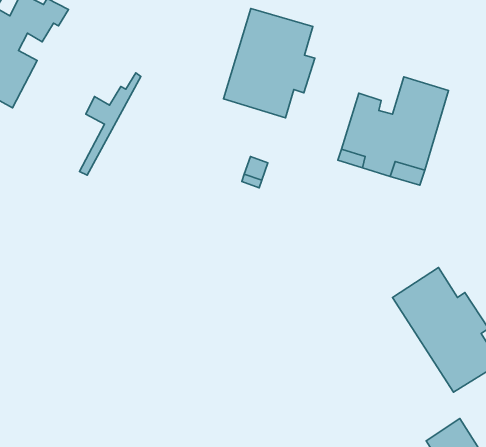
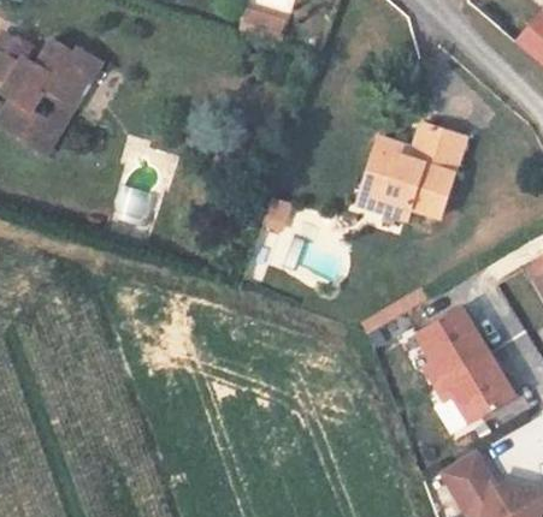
building: [223,9,315,118] -> none
building: [80,73,141,175] -> [42,57,101,155]

